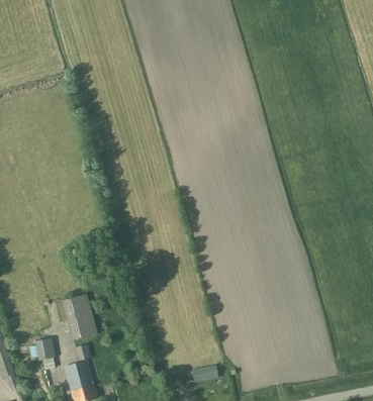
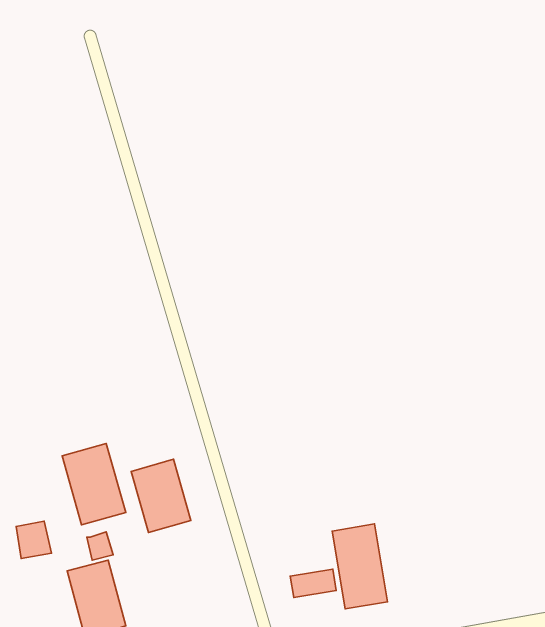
building: none -> [131,459,191,533]
building: none -> [332,524,388,609]

